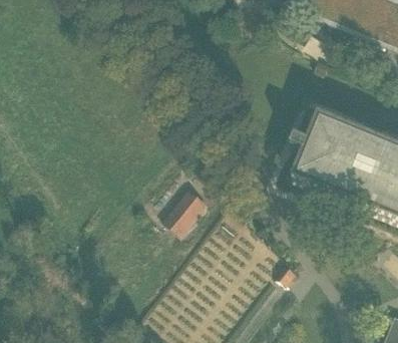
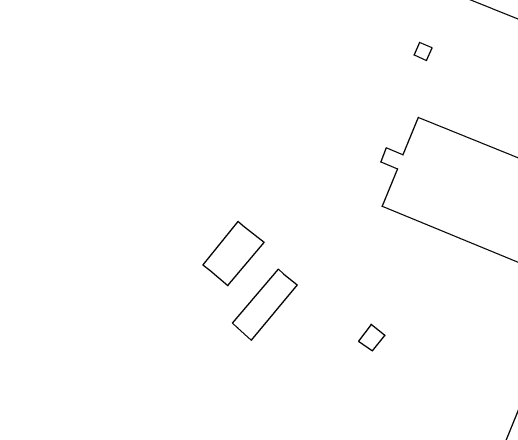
building: none -> [233,269,297,340]

